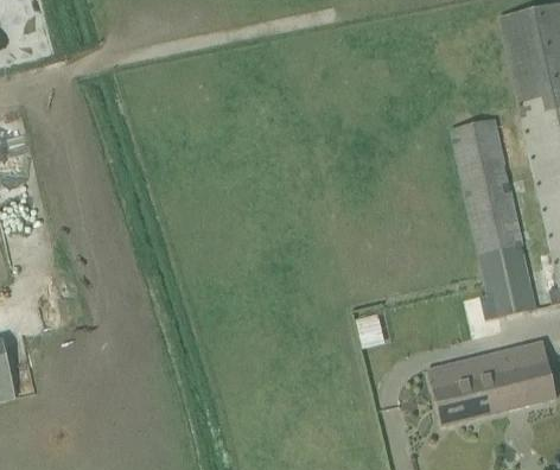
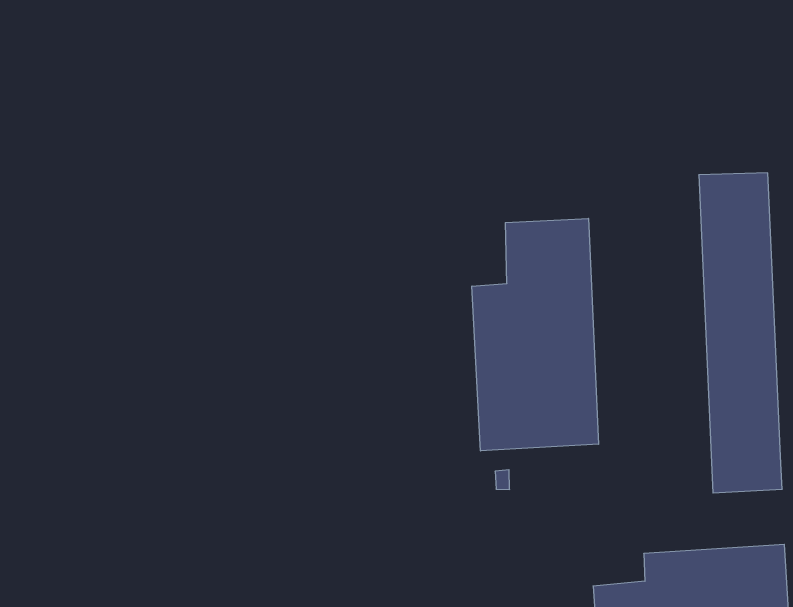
building: none -> [472,218,599,451]

